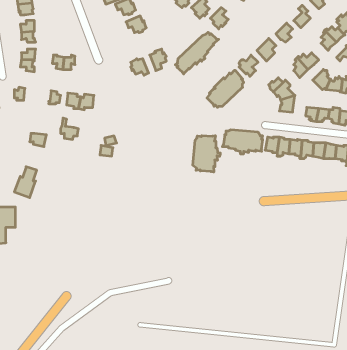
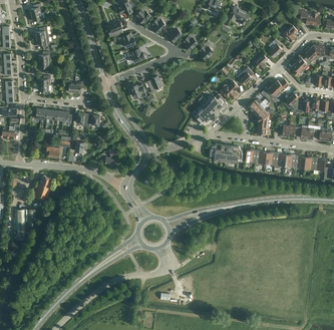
building: [175,32,219,74] -> none
building: [193,136,220,172] -> none

